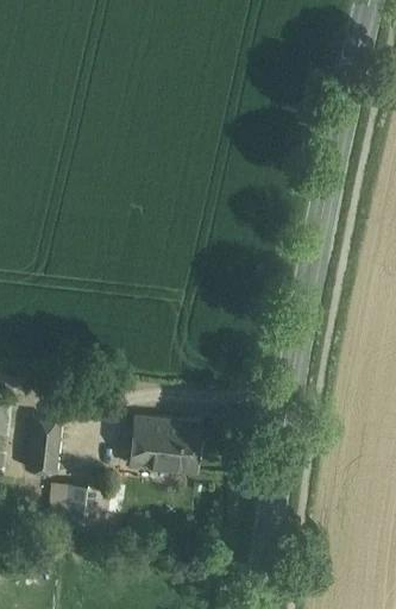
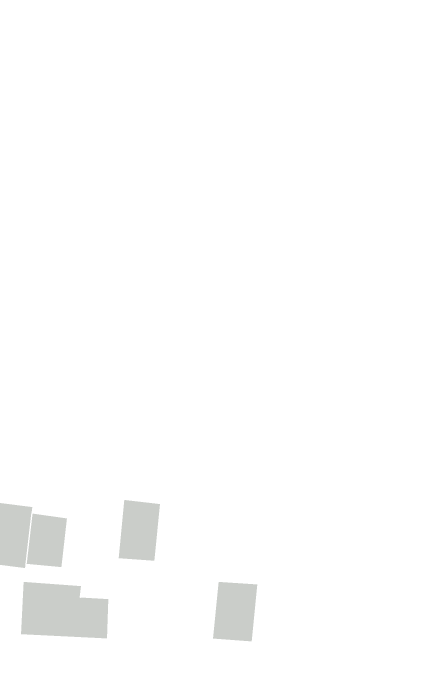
building: [162,420,200,470] -> [212,581,258,642]
building: none -> [26,513,67,568]

